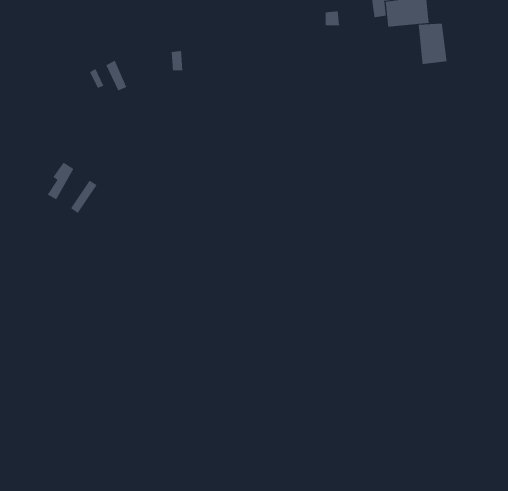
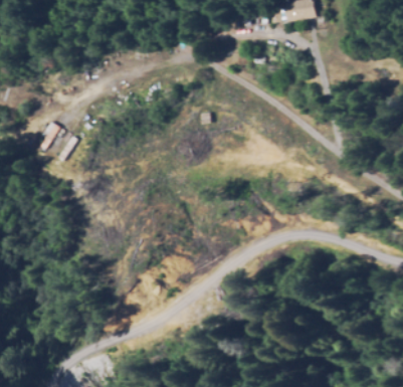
building: [418,23,447,65] -> none

